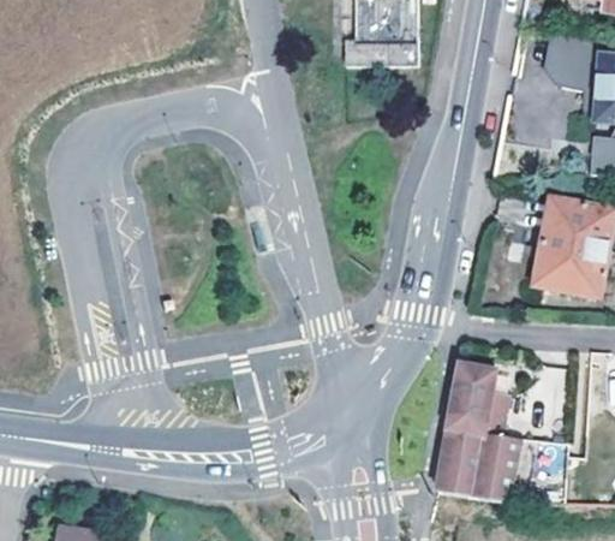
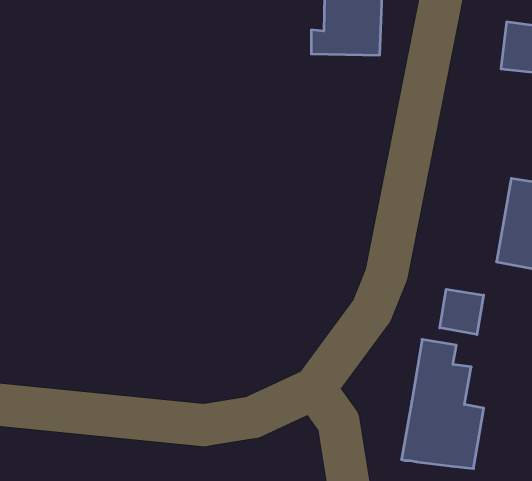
building: none -> [440,289,484,335]

